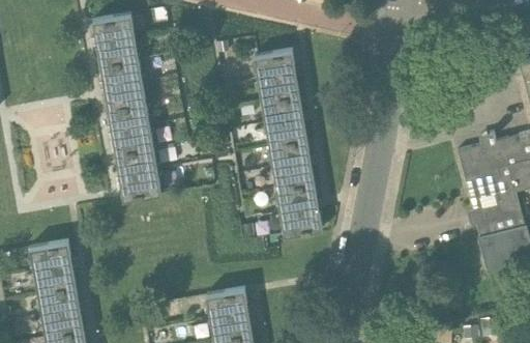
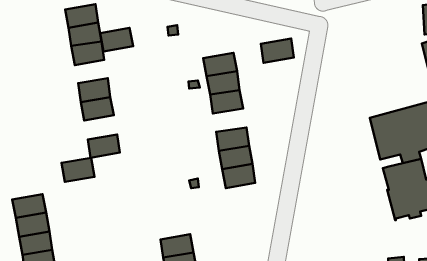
building: [256,50,295,79] -> [261,39,294,63]
building: [106,81,145,109] -> [100,28,133,51]
building: [270,139,311,167] -> none
building: [117,147,156,176] -> [62,158,94,182]

